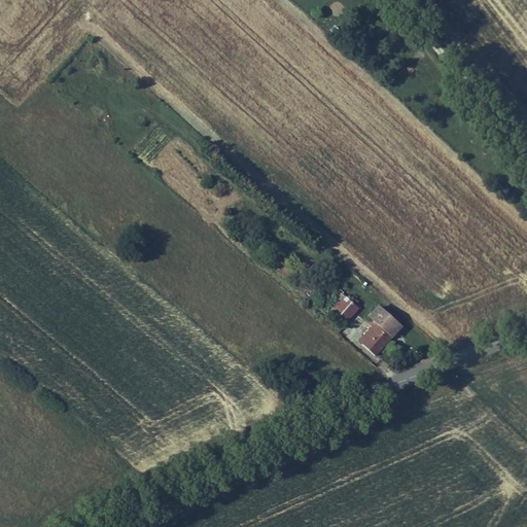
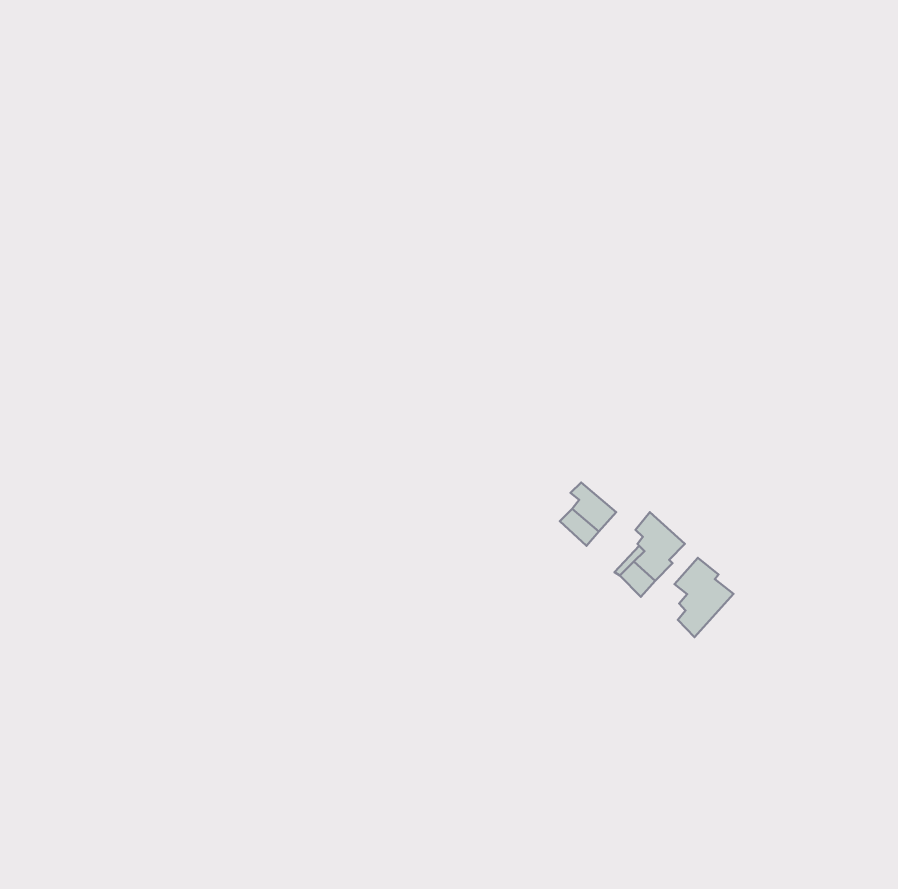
building: none -> [675,558,733,637]

